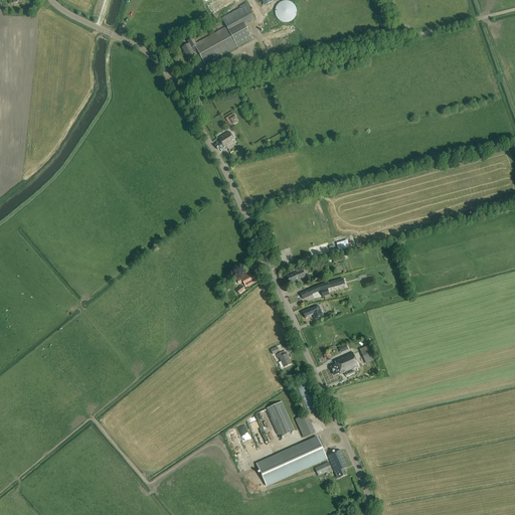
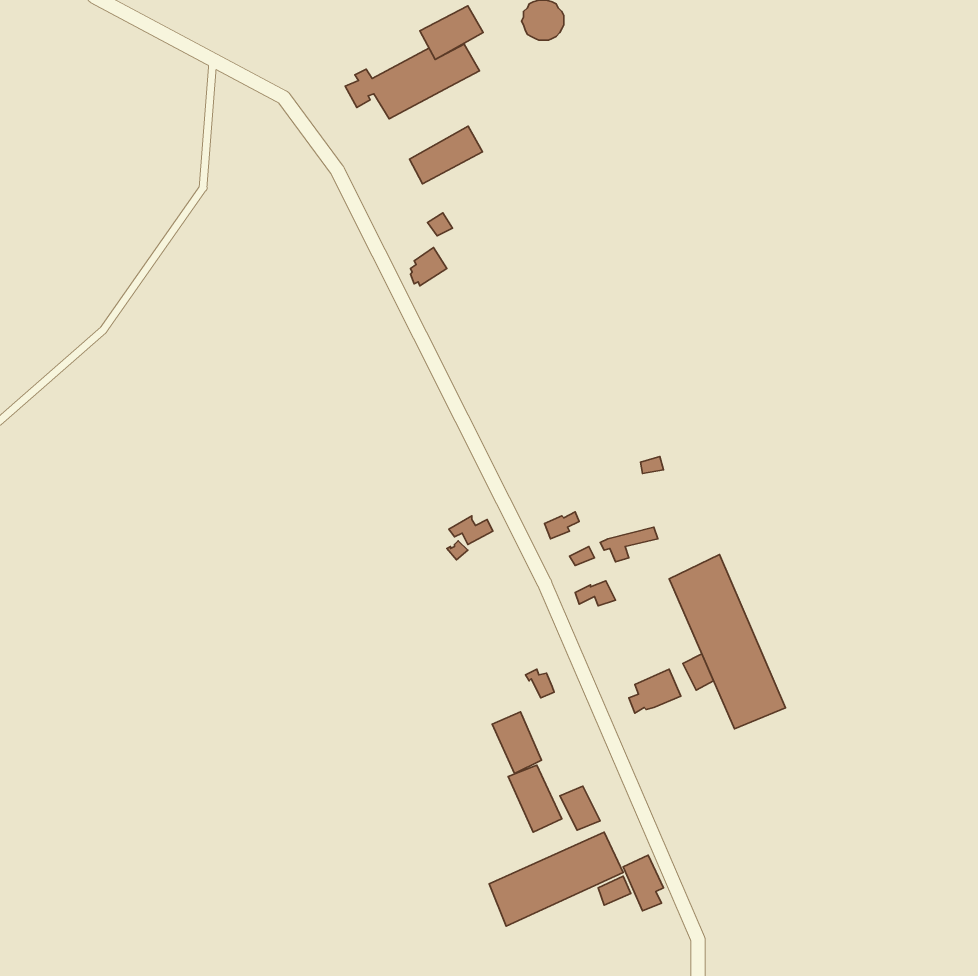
building: none -> [409,126,483,184]
building: none -> [669,554,785,729]
building: none -> [492,712,541,774]

